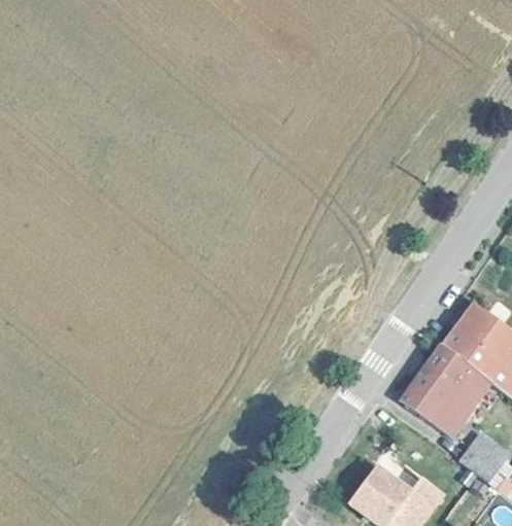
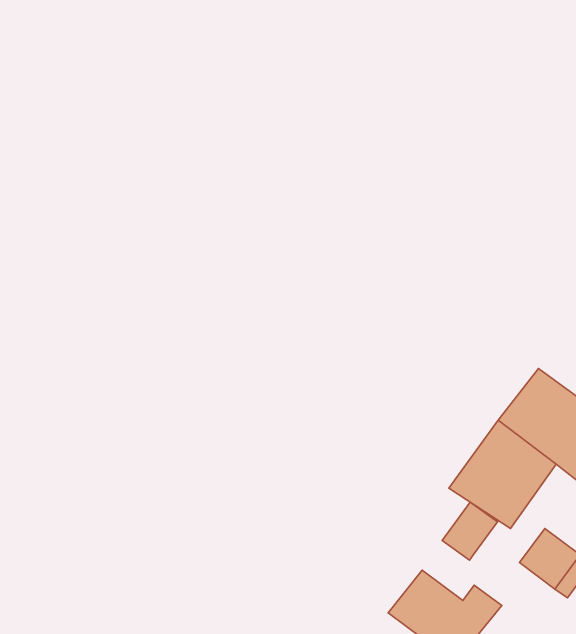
building: none -> [442,502,497,560]

